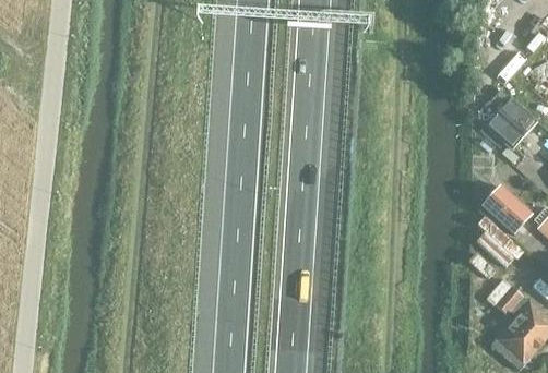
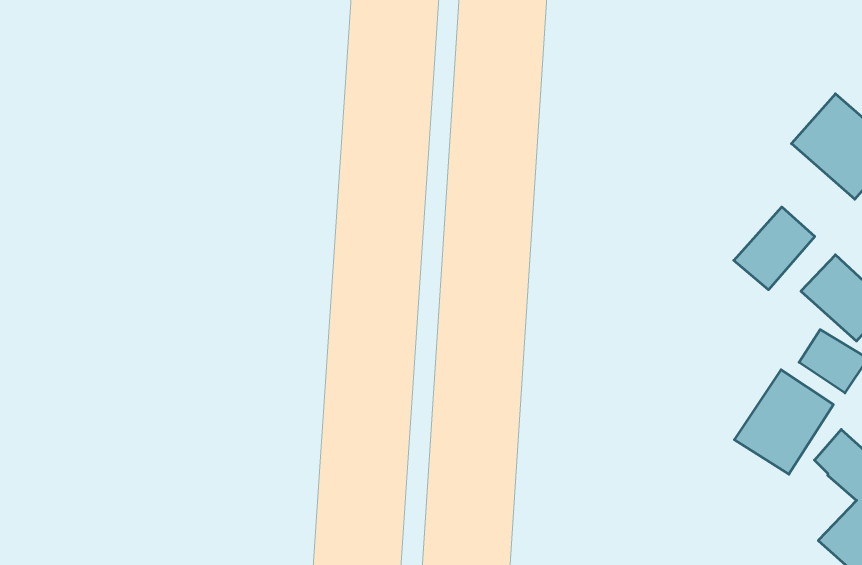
building: none -> [734,207,815,290]
building: none -> [734,370,833,474]

